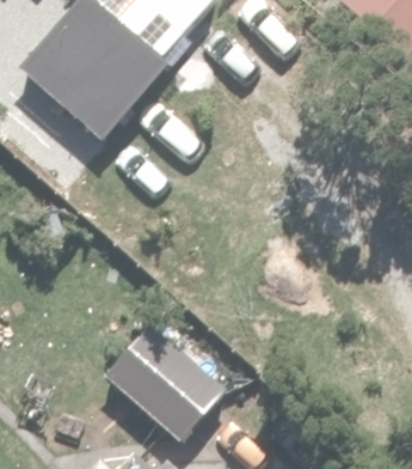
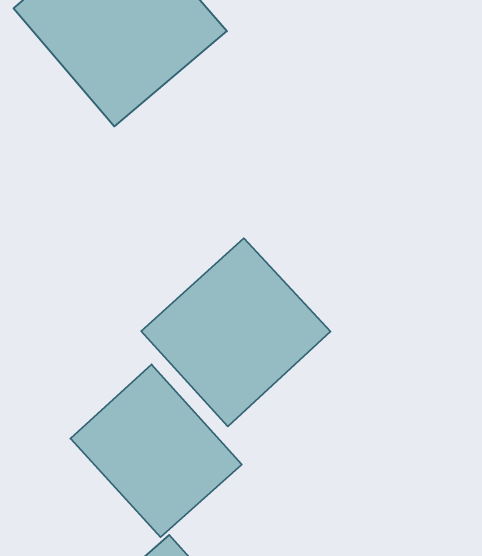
building: none -> [141,238,330,426]

